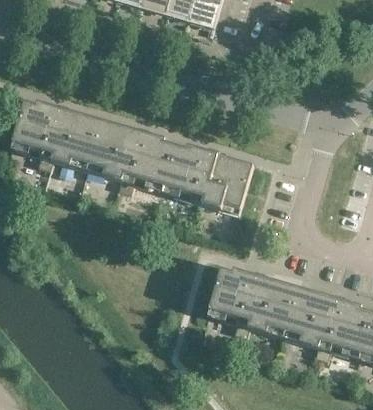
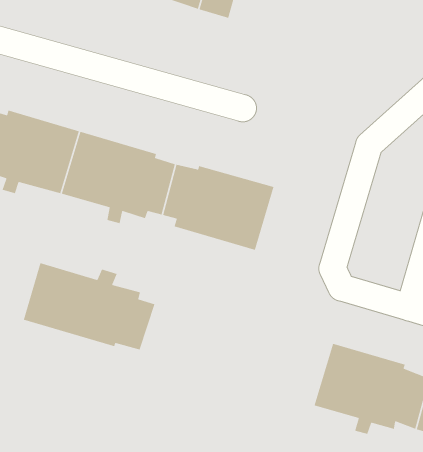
building: none -> [23,262,156,351]
building: [207,268,297,337] -> none

